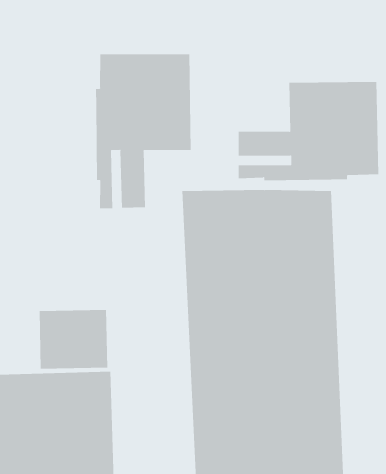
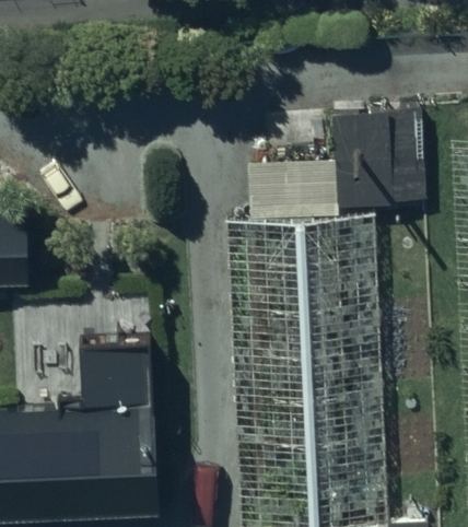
building: [95,54,191,209] -> none

